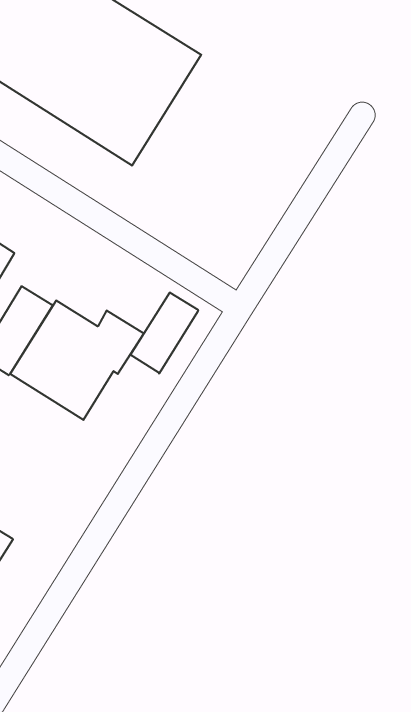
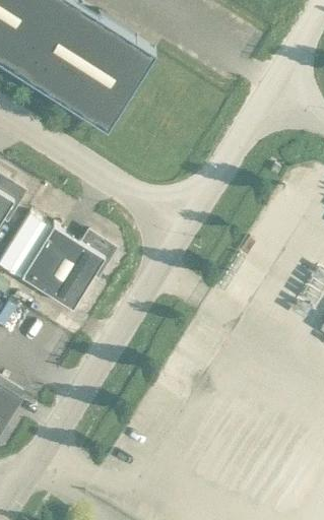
building: [130,292,198,374] -> none

